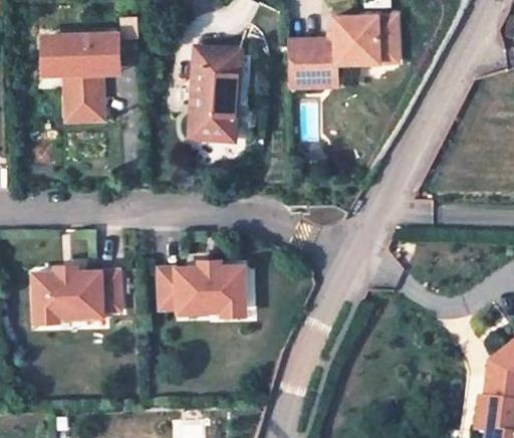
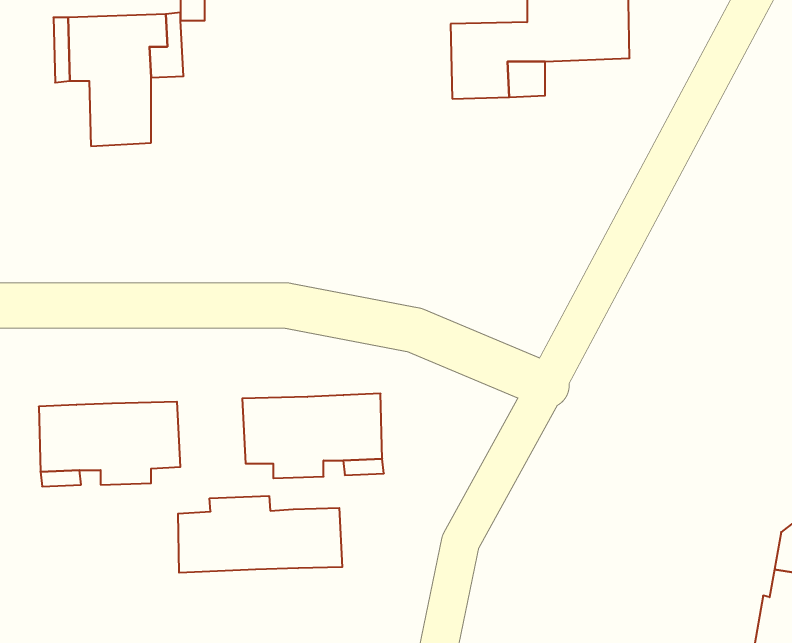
building: [188,48,238,141] -> none
building: none -> [178,496,342,573]

